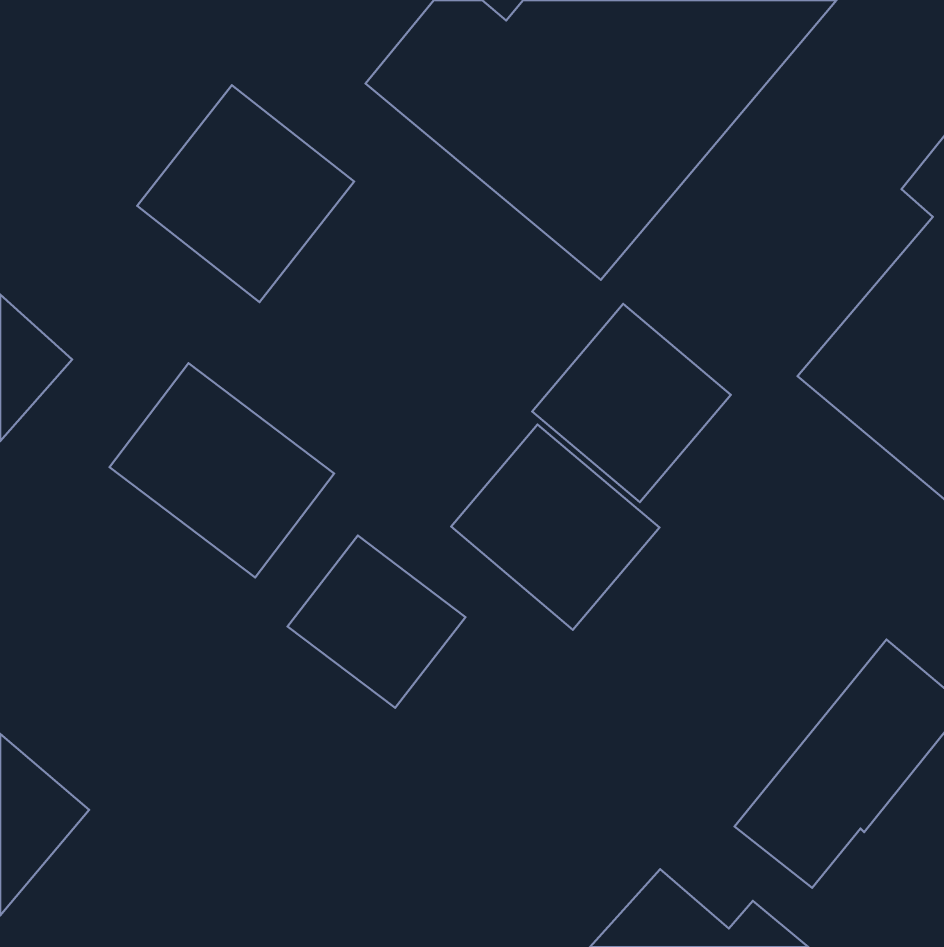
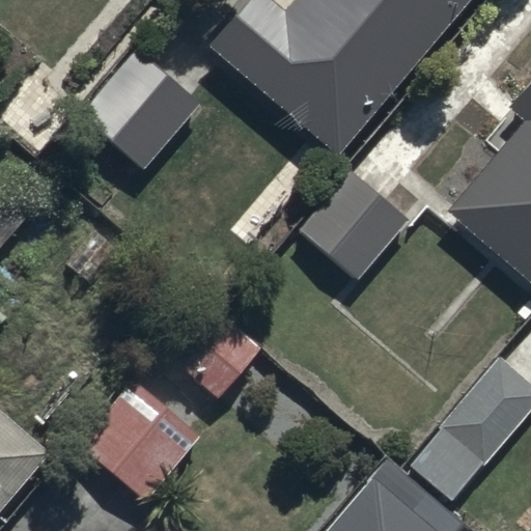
building: [110,363,334,577] -> none
building: [451,424,659,630] -> none
building: none -> [78,382,197,500]

